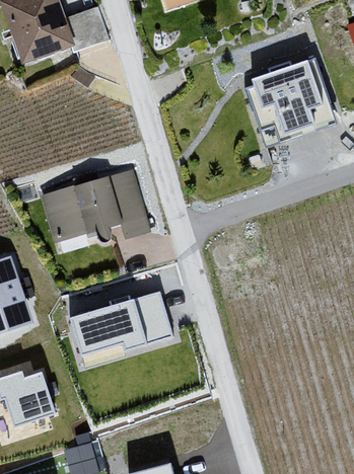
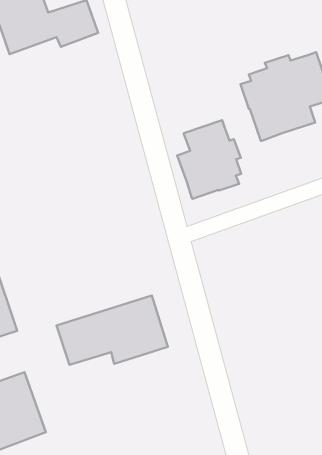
building: none -> [177,120,241,199]
building: [46,175,146,243] -> none

